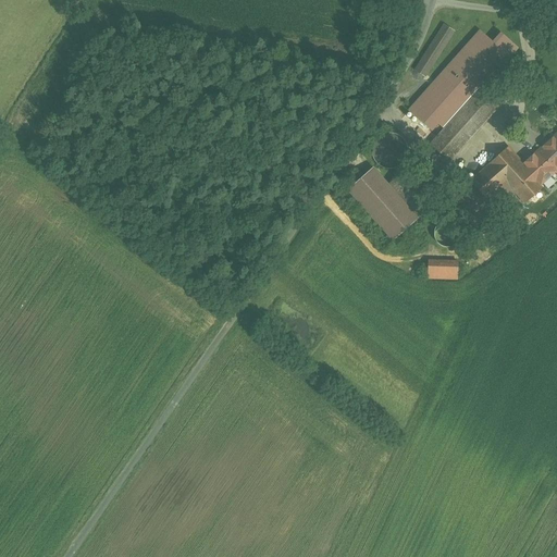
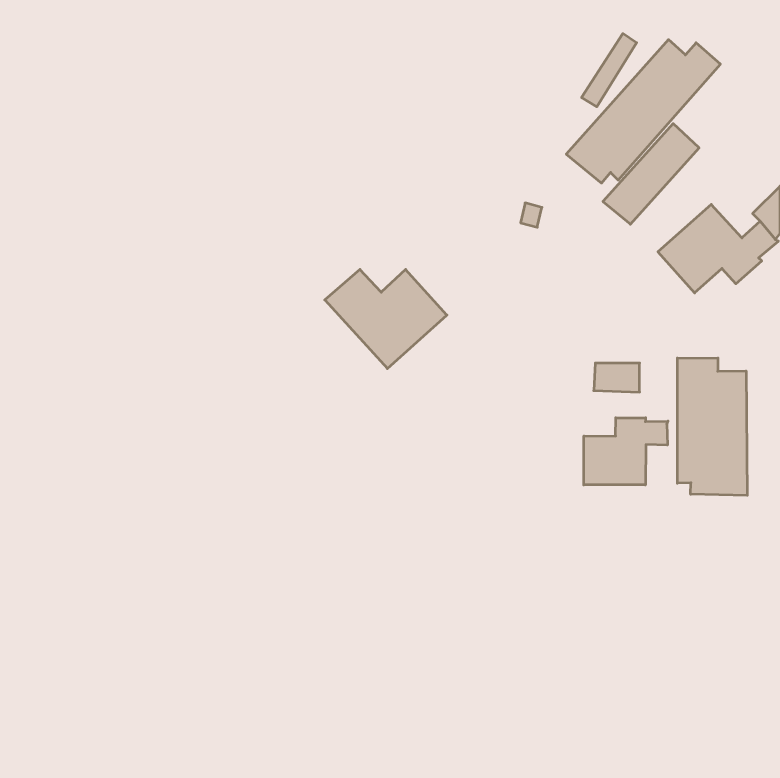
building: [348,168,435,238] -> [325,269,447,369]
building: none -> [677,358,747,495]
building: none -> [584,418,668,485]

